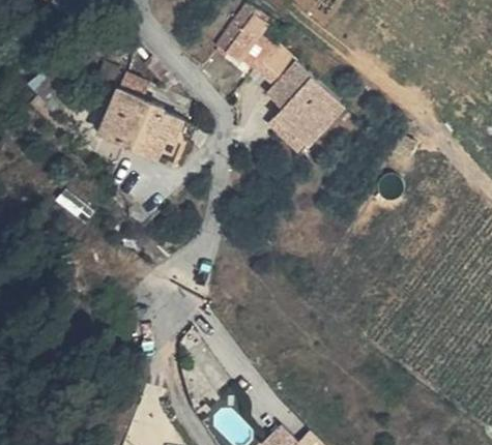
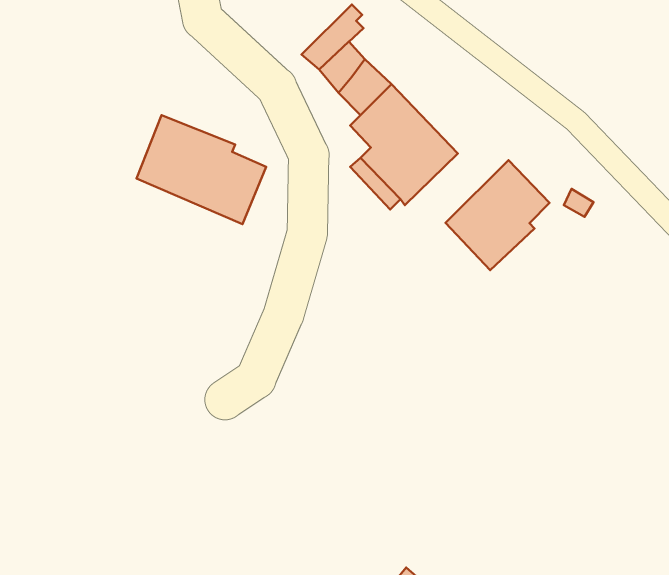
building: none -> [446,160,549,270]

